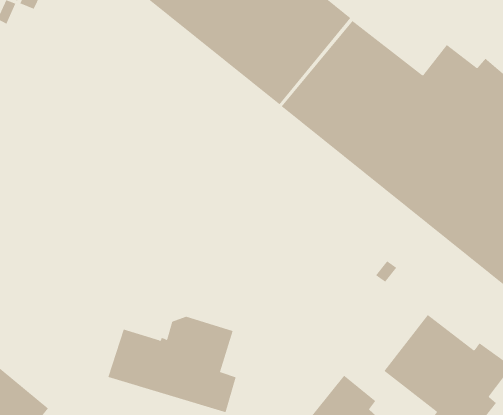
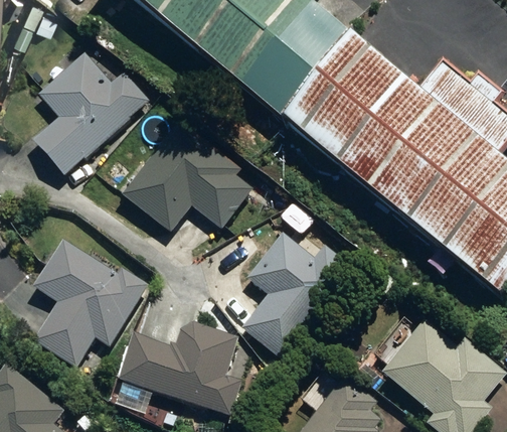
building: none -> [33,50,149,173]
building: none -> [122,118,254,231]
building: none -> [241,232,356,361]
building: none -> [33,239,148,367]

